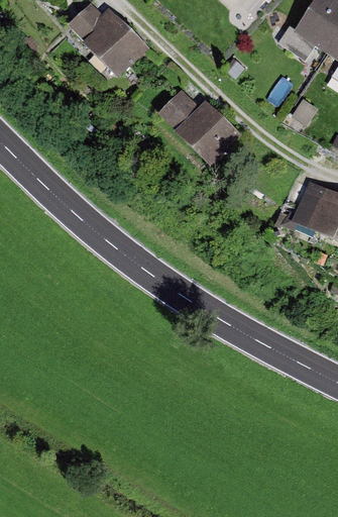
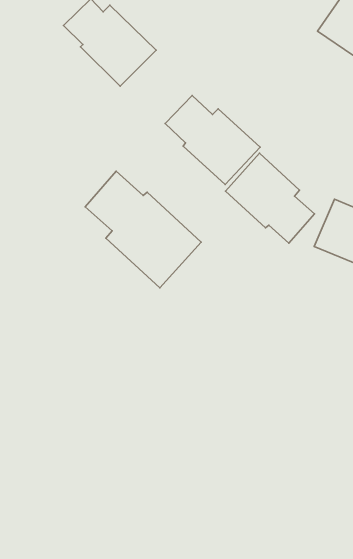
building: none -> [225,153,314,243]
building: none -> [85,171,201,288]

